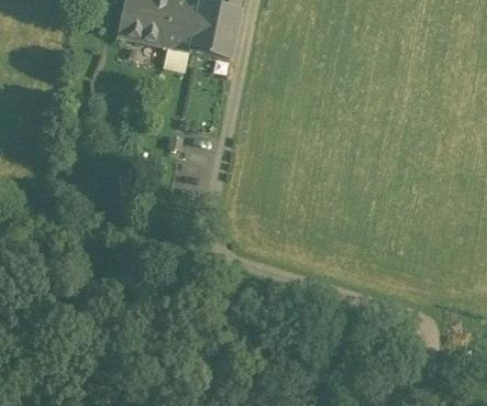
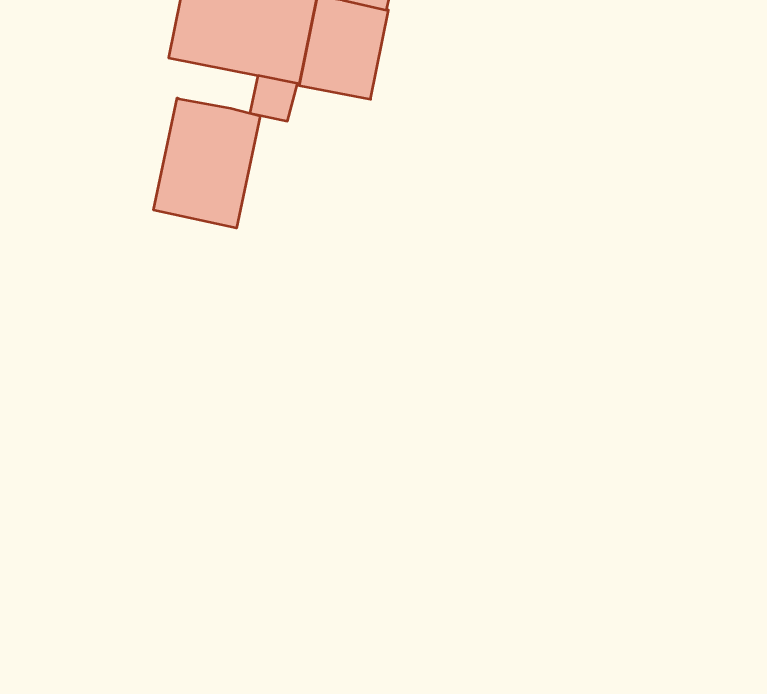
building: none -> [154,98,260,228]

